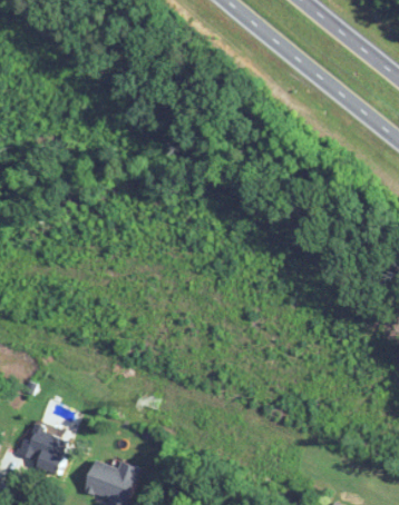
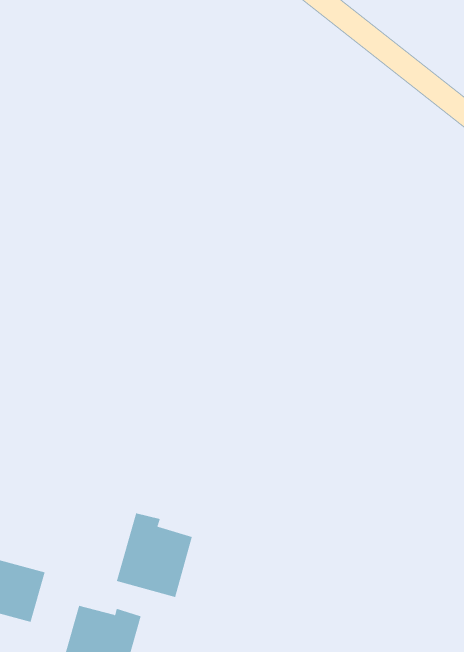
building: none -> [116,513,193,598]

